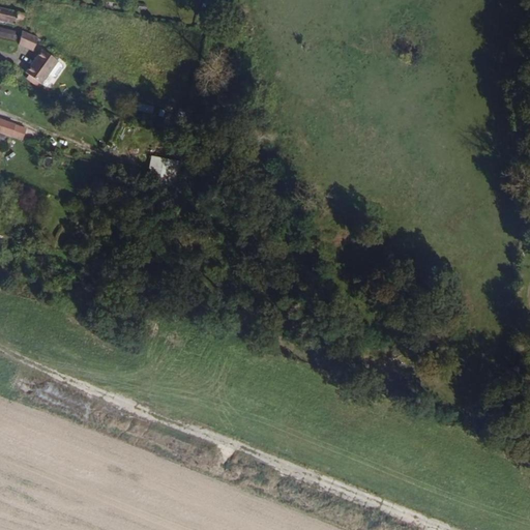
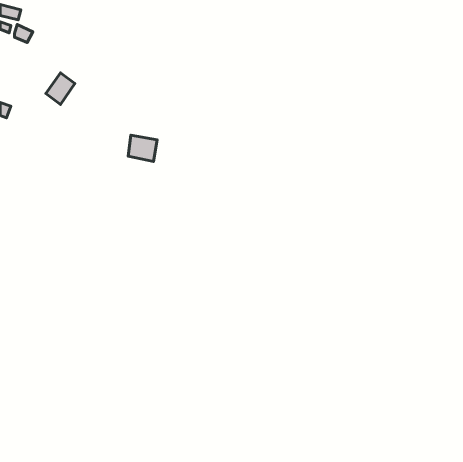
building: [24,48,57,84] -> [46,73,75,104]

